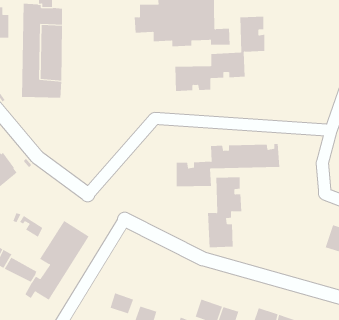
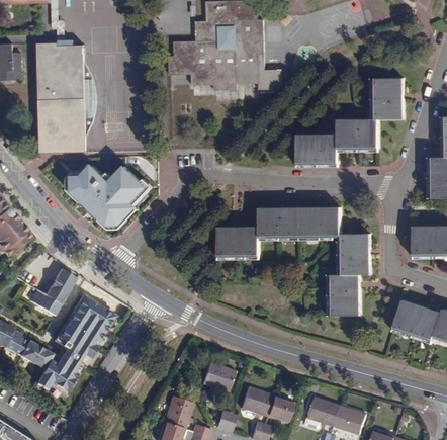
building: [174,16,265,91] -> [293,74,400,163]
building: none -> [74,167,146,225]
building: [207,177,242,248] -> [331,233,372,317]
building: none -> [47,268,78,305]
building: none -> [202,366,235,395]
building: [110,292,134,314] -> none

